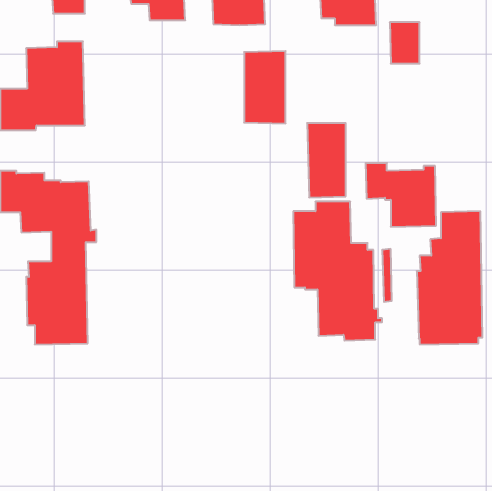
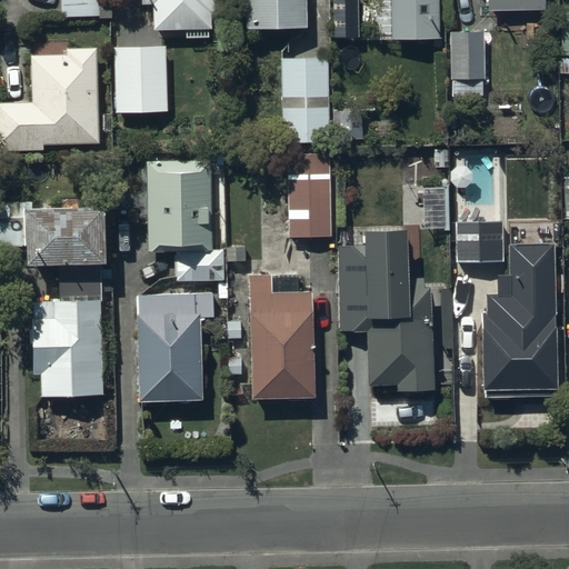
building: none -> [117,36,168,117]
building: [307,123,346,197] -> [287,152,331,238]
building: none -> [147,160,226,280]
building: none -> [249,272,315,400]
building: none -> [137,287,214,403]

